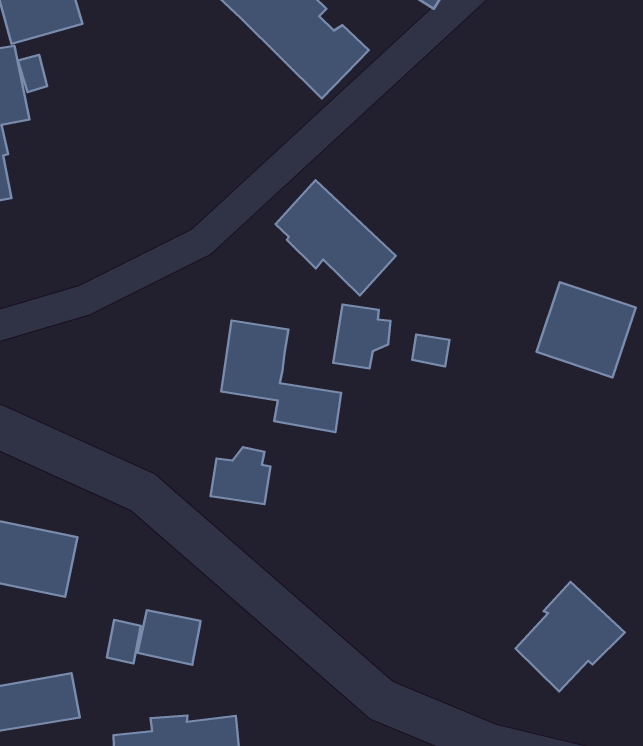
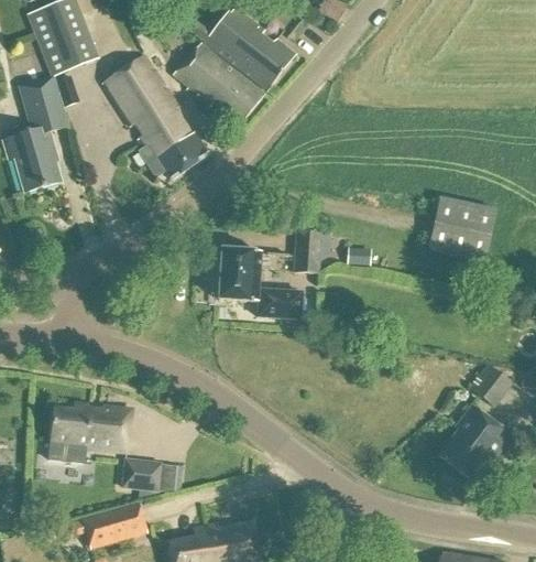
building: none -> [100,57,207,180]
building: [276,180,396,296] -> [178,47,263,123]
building: [210,447,270,504] -> none
building: none -> [470,363,513,406]
building: [138,610,200,665] -> [121,457,162,491]

